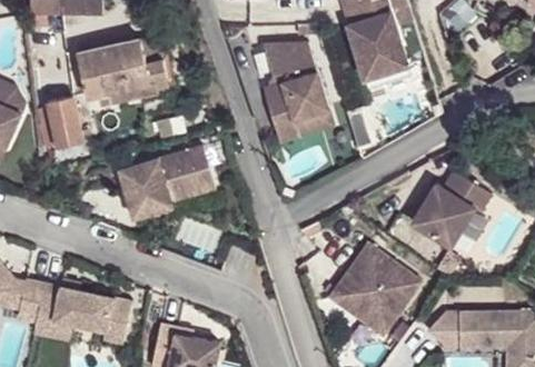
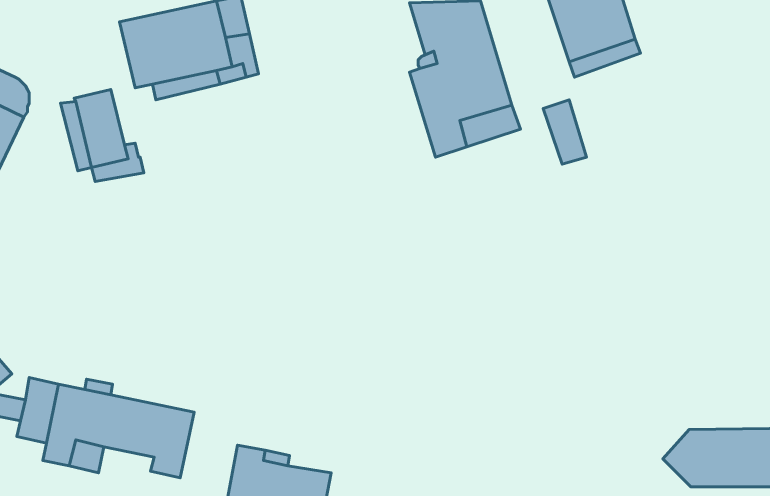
building: [115,143,210,215] -> none
building: [410,172,489,249] -> none
building: [329,246,417,335] -> none

